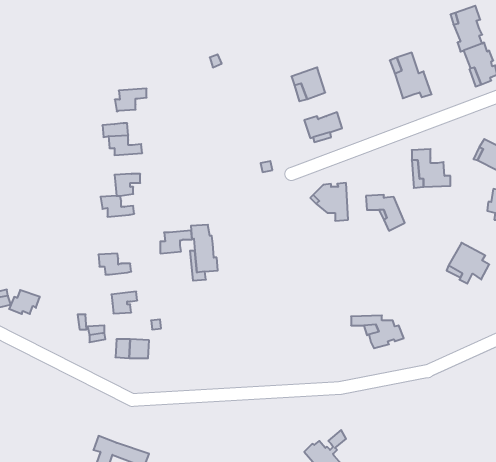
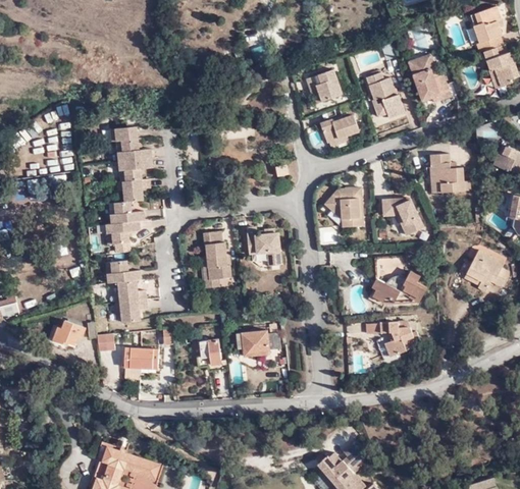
building: none -> [365,72,404,118]
building: [115,89,147,111] -> [120,158,153,181]
building: none -> [246,228,280,266]
building: [160,230,192,253] -> [108,221,141,244]
building: none -> [370,258,427,306]
building: none -> [119,280,147,303]
building: [9,290,40,314] -> [54,321,86,345]
building: none -> [237,330,281,357]
building: none -> [198,339,221,366]

